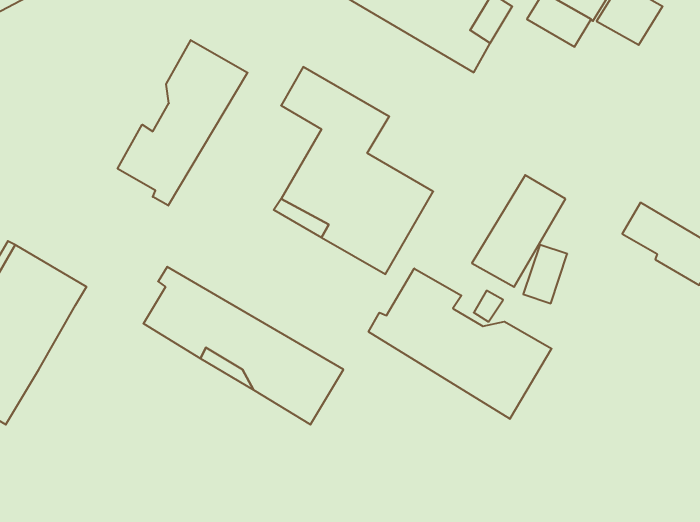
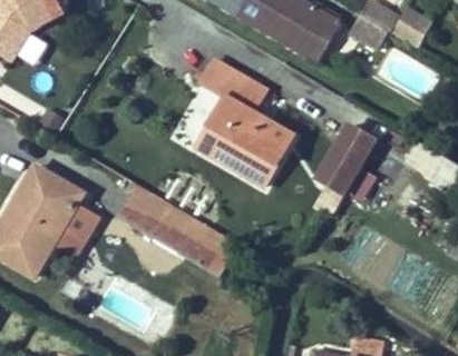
building: [118,40,248,206] -> none
building: [369,268,552,419] -> none
building: none -> [53,205,97,256]

